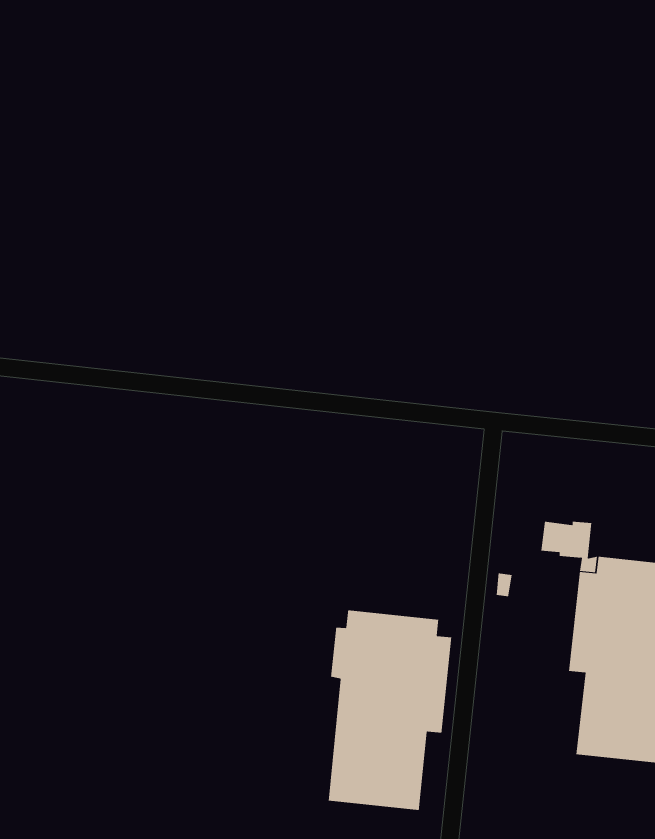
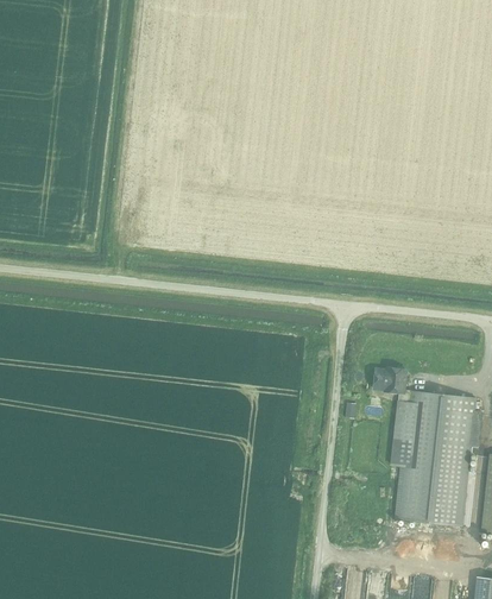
building: [328,610,452,811] -> none

